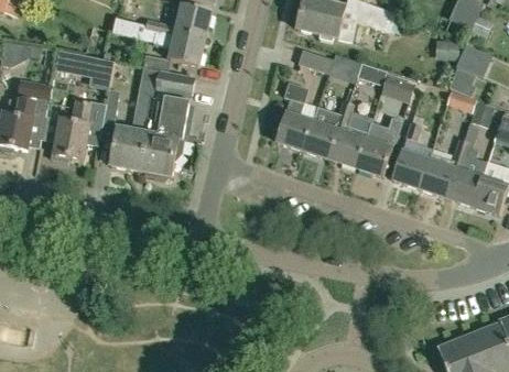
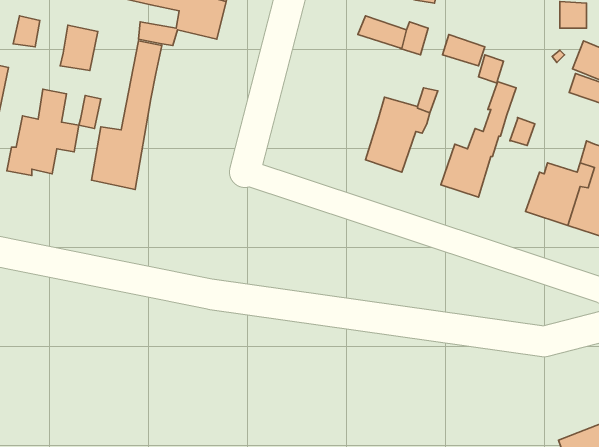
building: [155,69,194,96] -> none
building: [275,81,316,150] -> none
building: [141,96,195,179] -> none
building: [328,124,368,167] -> none
building: [392,151,425,186] -> none

